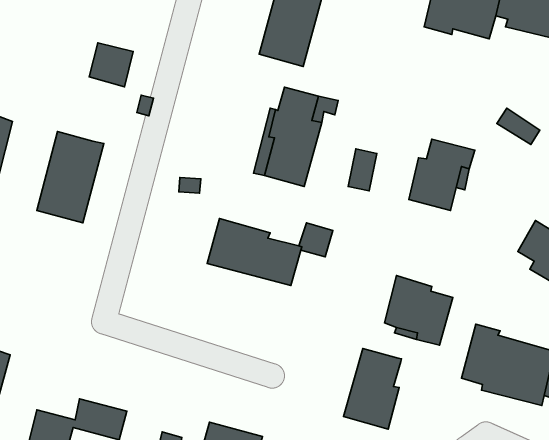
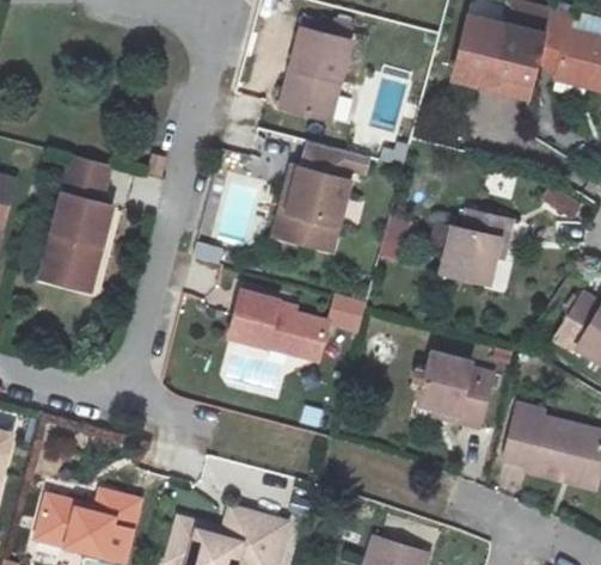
building: [89,43,133,87] -> [63,158,111,205]
building: [343,349,401,429] -> none

